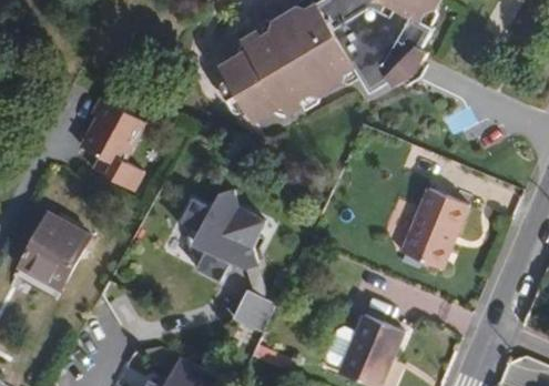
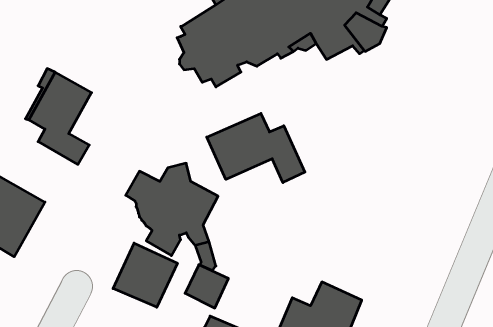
building: none -> [207,113,305,183]
building: [401,185,469,266] -> none
building: none -> [113,243,177,307]

